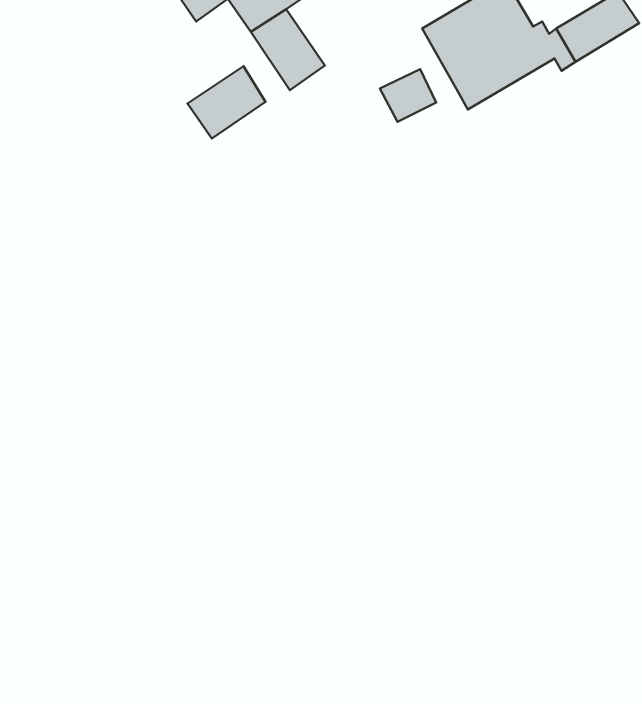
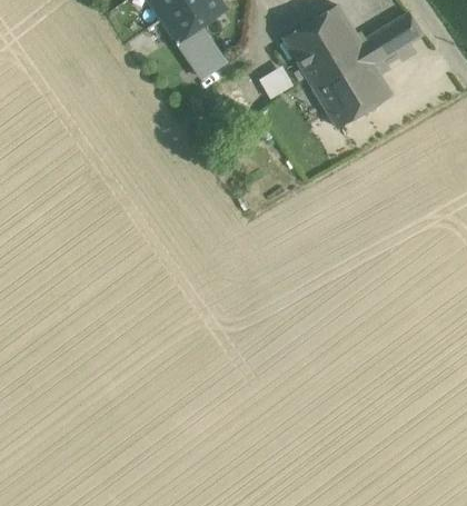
building: none -> [315,57,391,127]
building: [187,66,265,138] -> none

